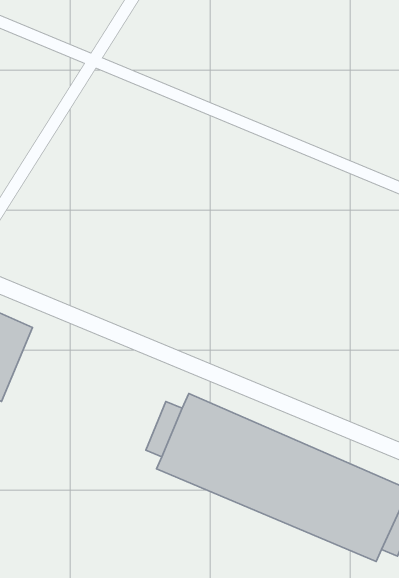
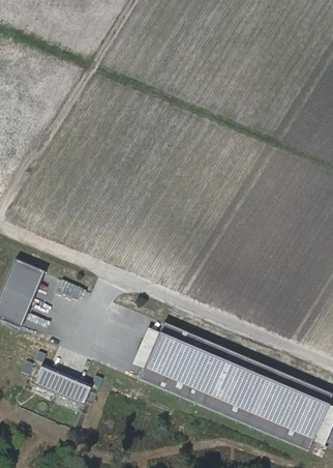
building: none -> [28,362,86,403]

